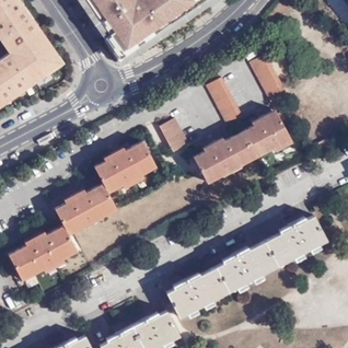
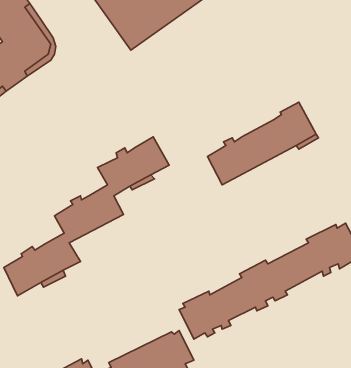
building: [250,53,285,98] -> none
building: [207,76,242,121] -> none
building: [161,117,188,150] -> none

